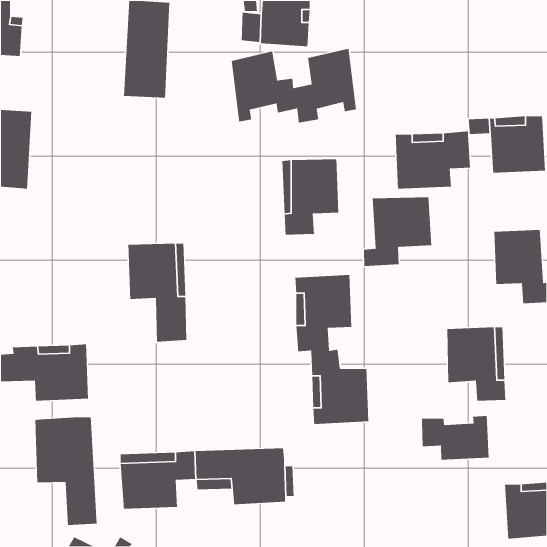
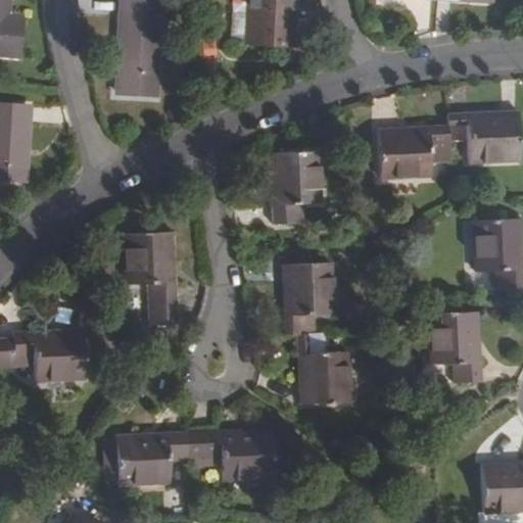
building: [231,48,357,123] -> none
building: [363,196,432,267] -> none
building: [421,415,490,460] -> none
building: [34,416,98,526] -> none

